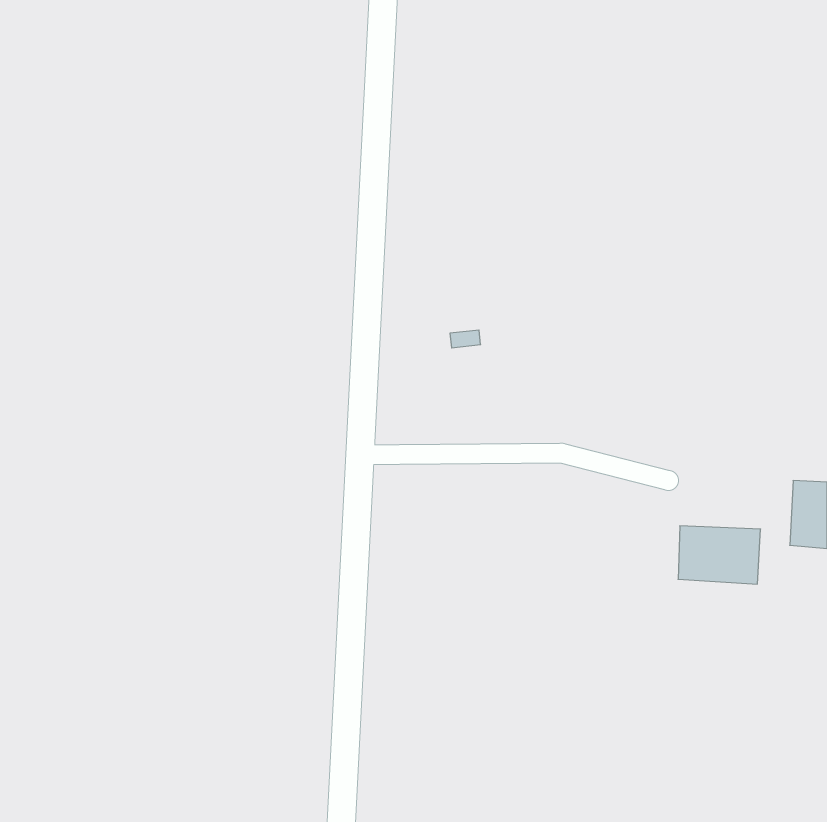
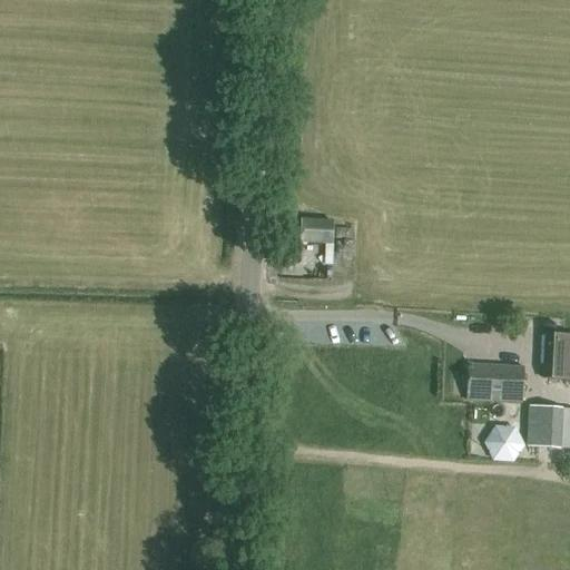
building: none -> [539,404,562,446]
building: none -> [490,425,523,460]

